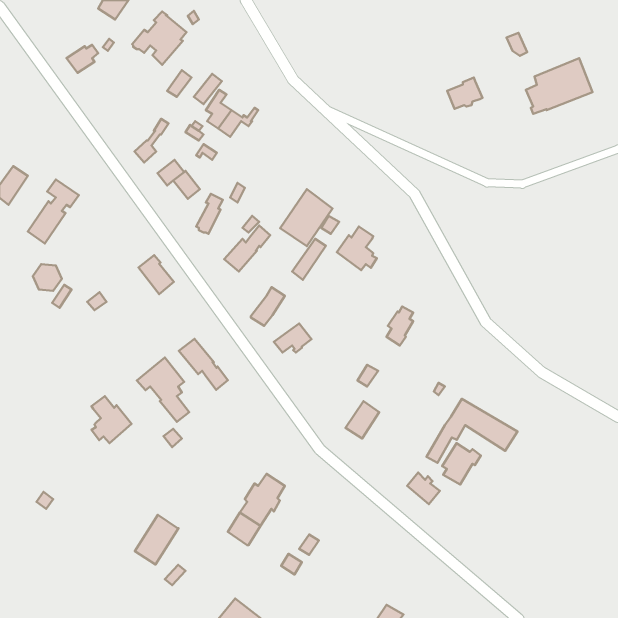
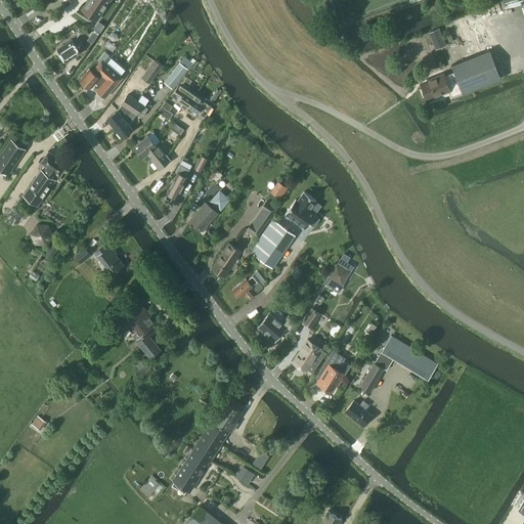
building: [132,12,187,65] -> [79,53,125,98]
building: [447,77,482,109] -> [421,74,450,100]
building: none -> [106,95,136,129]
building: [280,189,332,246] -> [250,220,294,268]
building: [139,255,174,294] -> [93,243,123,275]
building: [179,339,228,390] -> none
building: none -> [257,313,297,341]
building: [91,396,132,443] -> none
building: [442,443,481,484] -> [316,356,349,391]
building: [135,515,179,564] -> [173,450,210,492]

